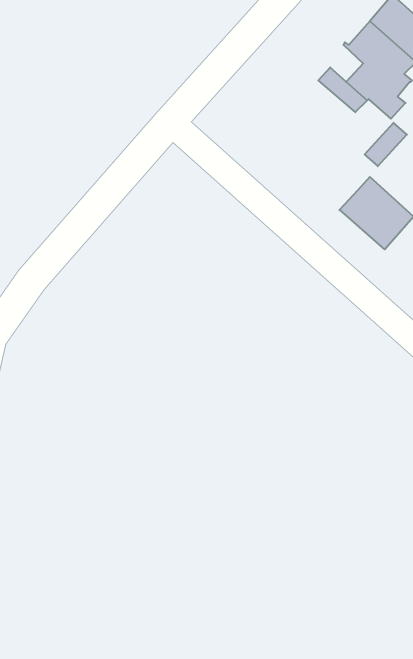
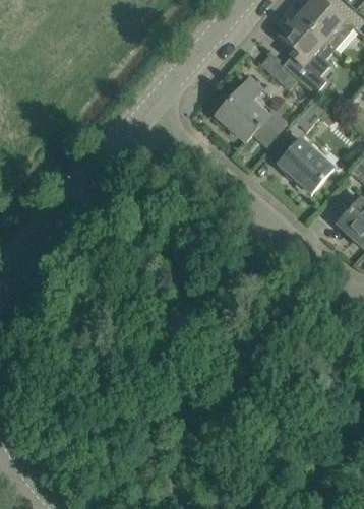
building: none -> [217,76,287,143]

